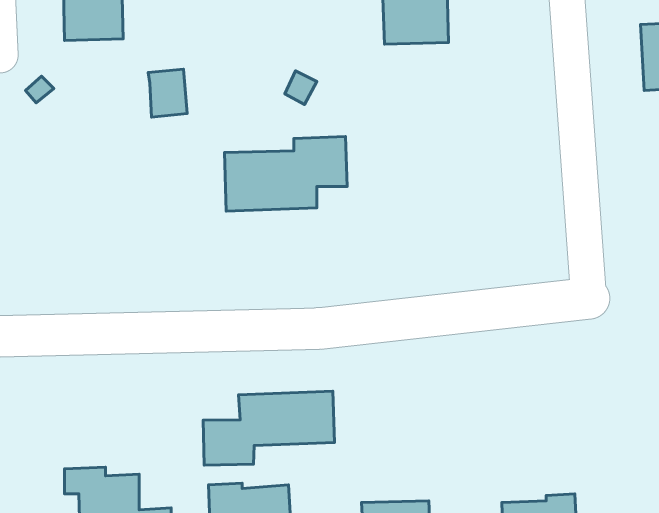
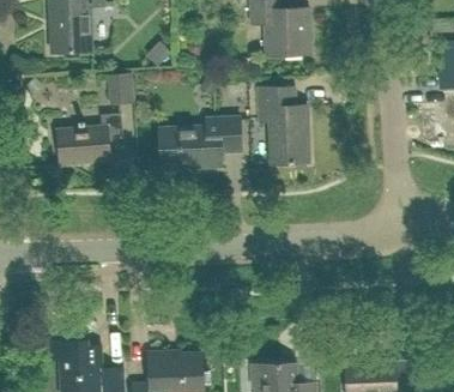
building: none -> [258,85,309,164]
building: none -> [56,113,122,165]
building: [203,391,334,465] -> none

